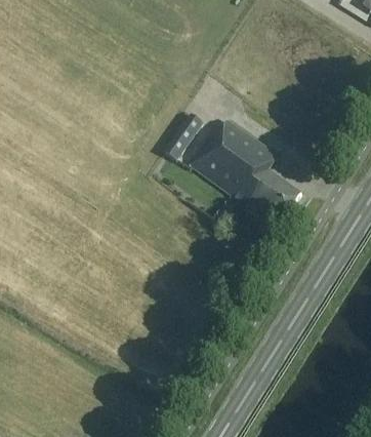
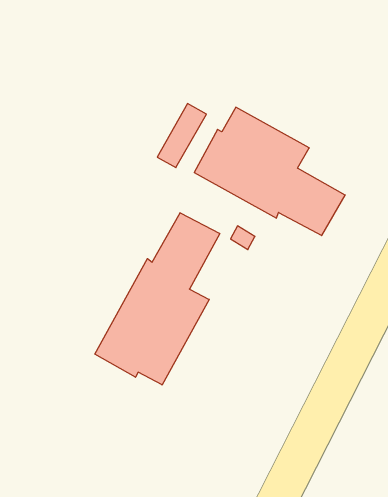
building: none -> [95,213,220,385]

